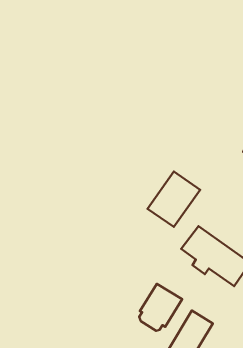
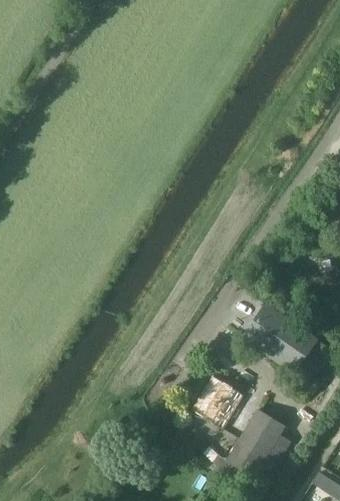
building: [148,172,200,227] -> none

